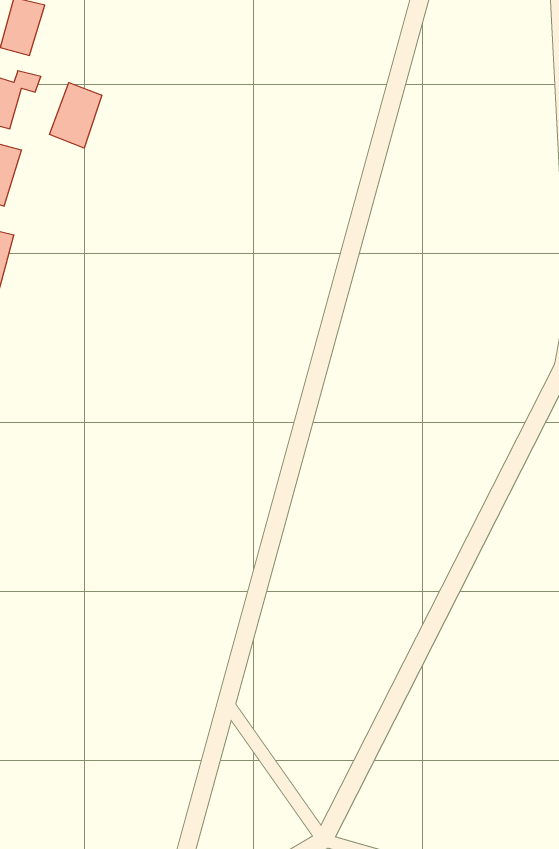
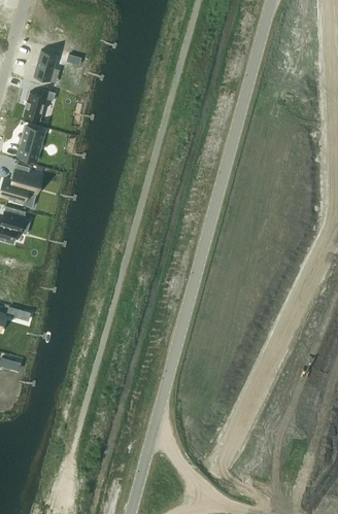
building: [49,83,102,148] -> none

